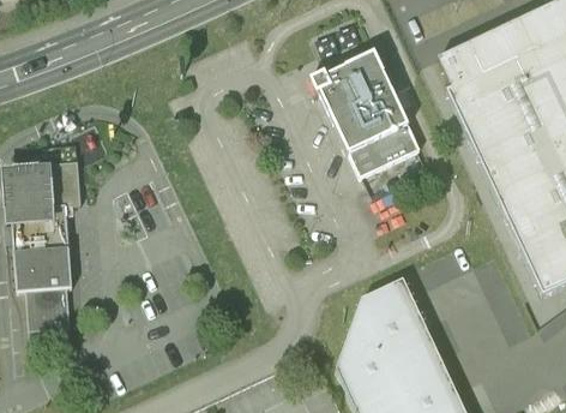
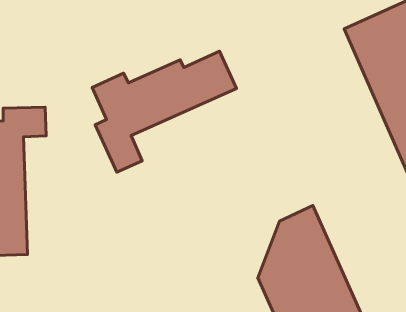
building: [306,44,419,185] -> none
building: none -> [92,51,236,172]

